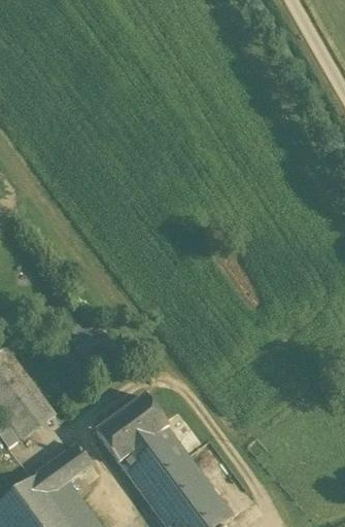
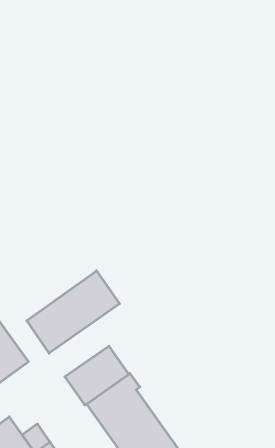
building: none -> [27,271,120,353]
building: [35,449,92,499] -> none

